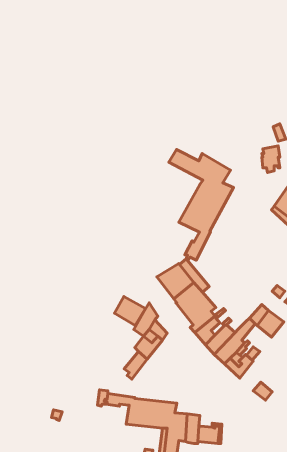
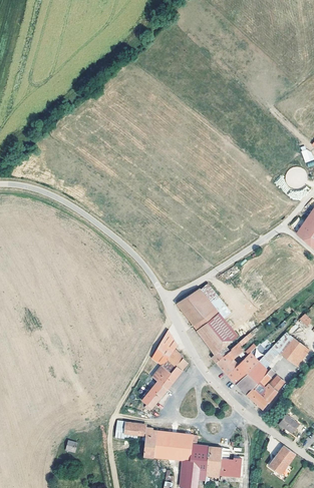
building: [169,149,233,260] -> none
building: [115,296,146,326] -> none
building: none -> [264,444,292,476]

